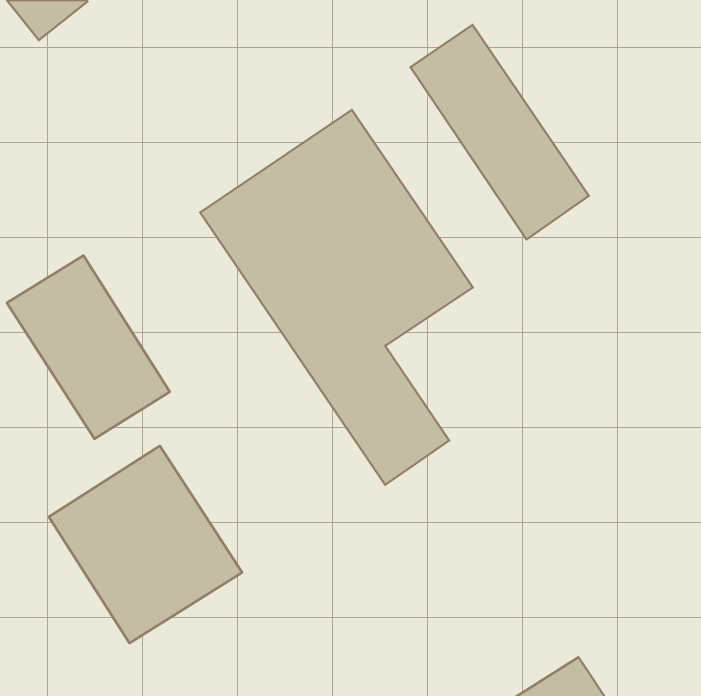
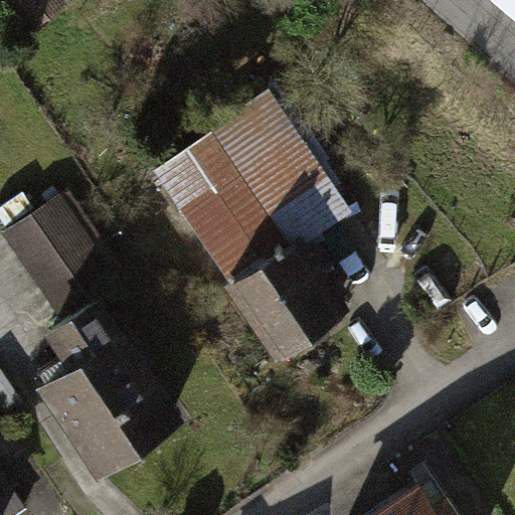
building: [410,25,589,240] -> none

